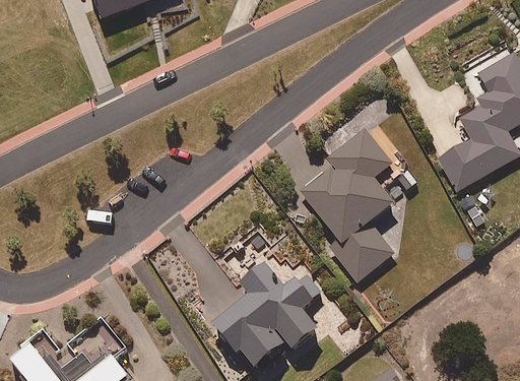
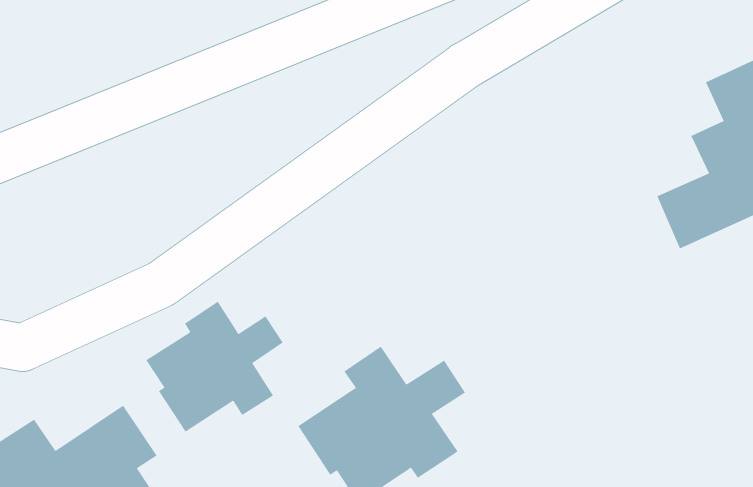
building: [300,128,394,281] -> none
building: none -> [145,301,284,433]

